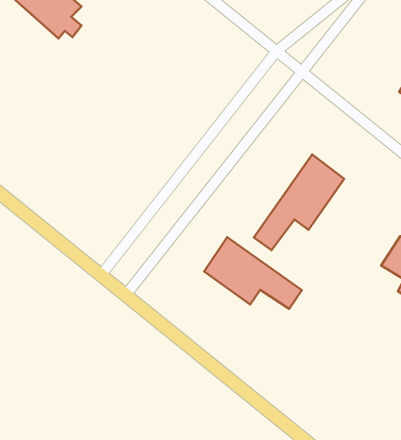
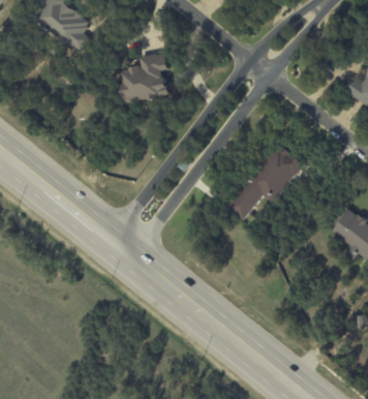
building: none -> [118,51,170,103]
building: [204,237,302,309] -> none

